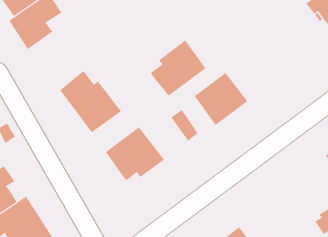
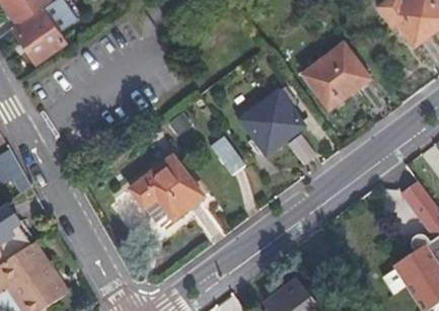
building: none -> [301,41,371,109]
building: [150,39,206,97] -> none
building: [59,70,122,133] -> none

